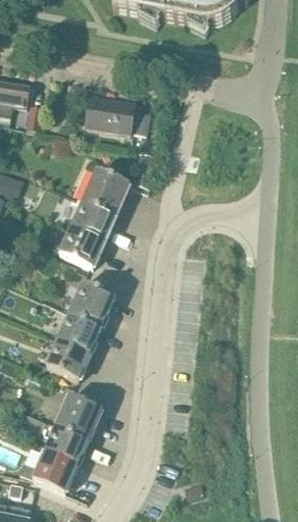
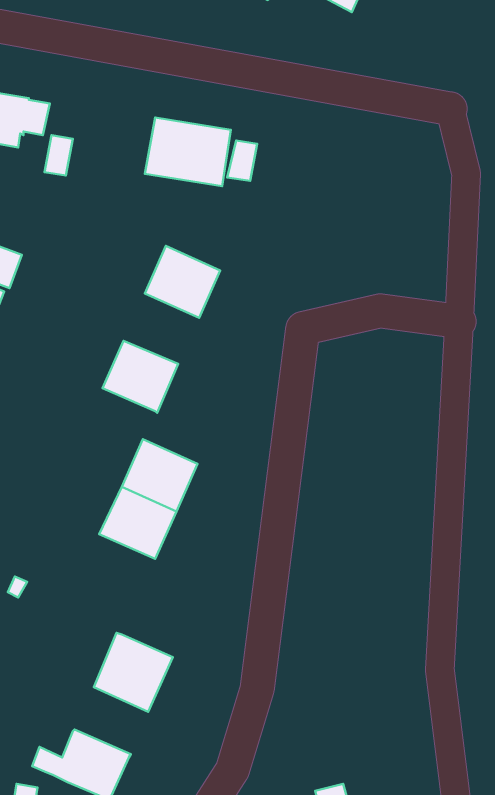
building: [72,198,116,239] -> none
building: [46,337,91,379] -> none
building: [44,426,87,465] -> none

